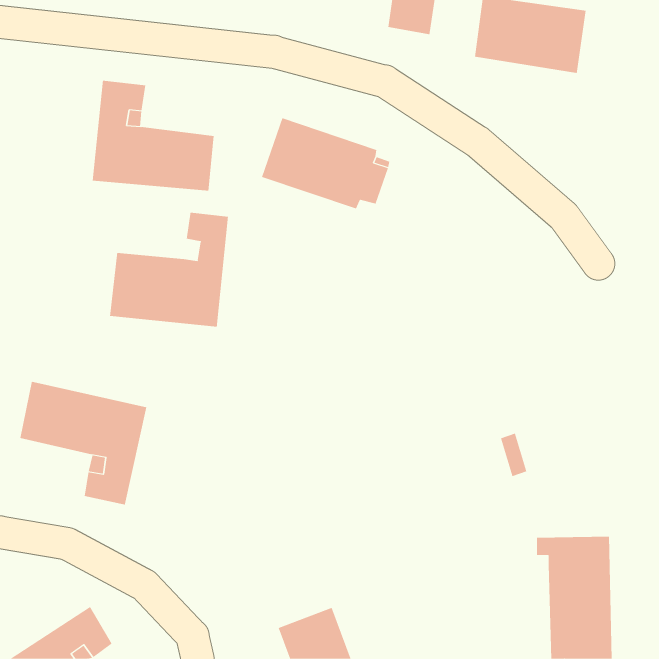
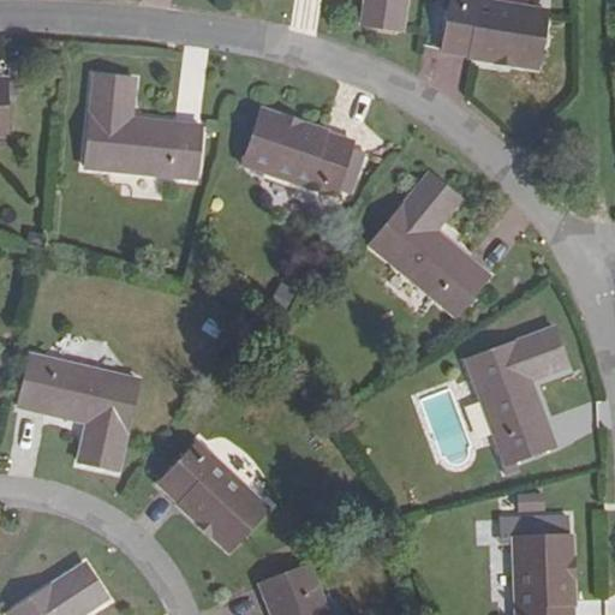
building: none -> [370,174,489,316]
building: [109,212,229,328] -> none
building: none -> [467,327,567,476]
building: none -> [159,443,268,550]

